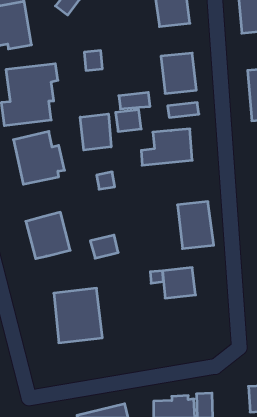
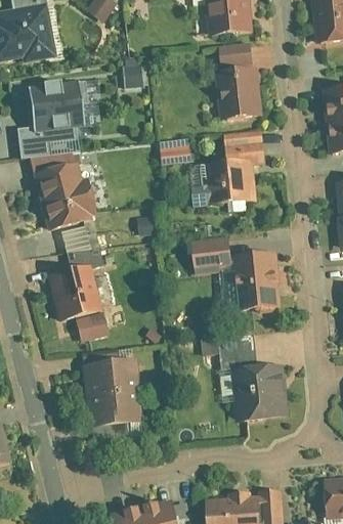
building: none -> [220,43,251,67]
building: [119,92,150,109] -> [226,142,265,163]
building: [80,114,111,150] -> none
building: none -> [60,224,102,269]
building: none -> [192,235,232,268]
building: [90,235,118,258] -> [74,311,109,340]
building: none -> [232,364,288,421]

